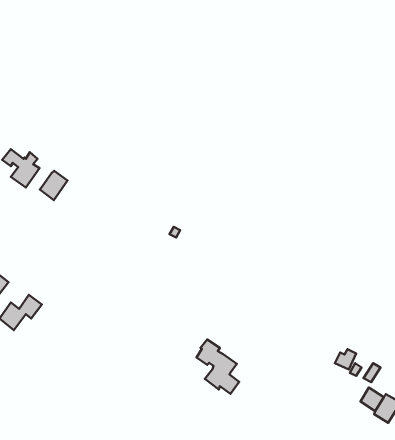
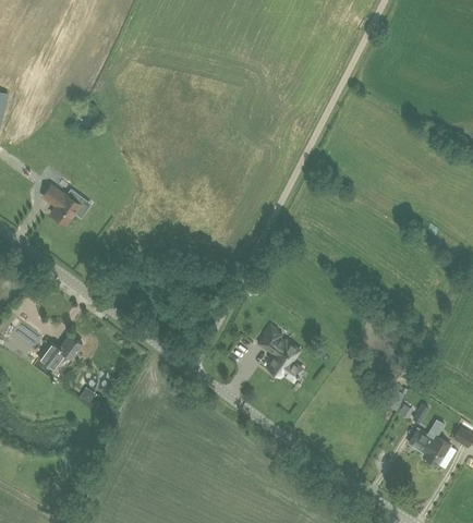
building: [40,171,68,200] -> none
building: [196,339,239,394] -> [258,325,302,380]

